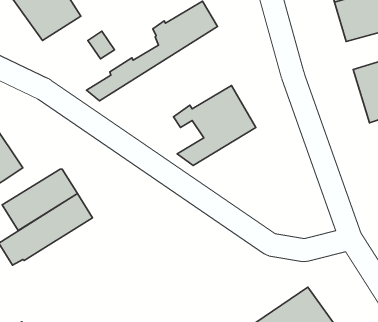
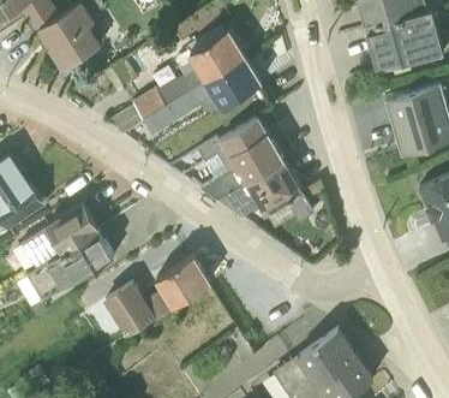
building: none -> [143,58,261,136]
building: none -> [218,162,301,218]
building: none -> [104,256,210,334]

